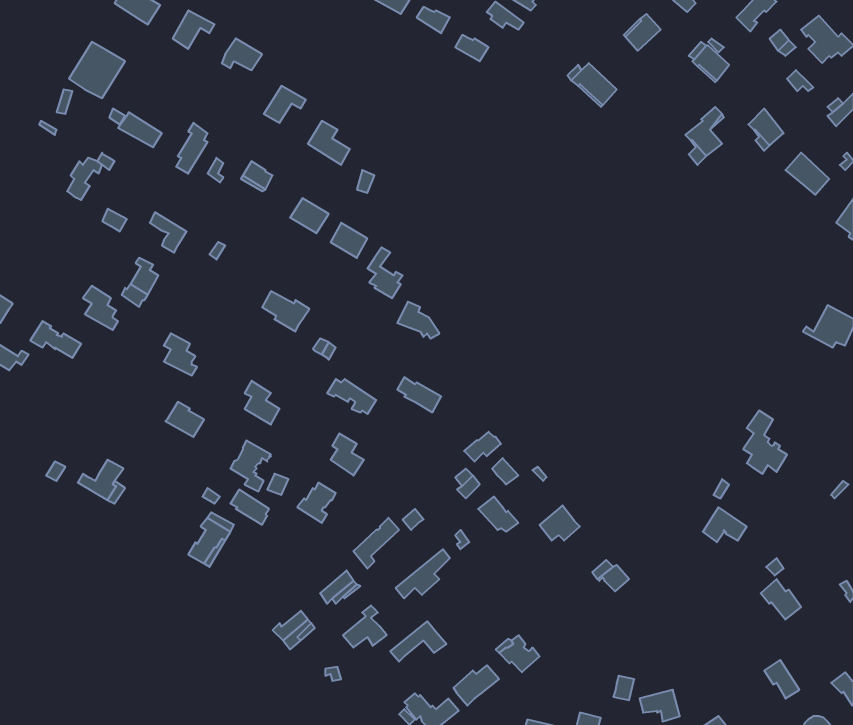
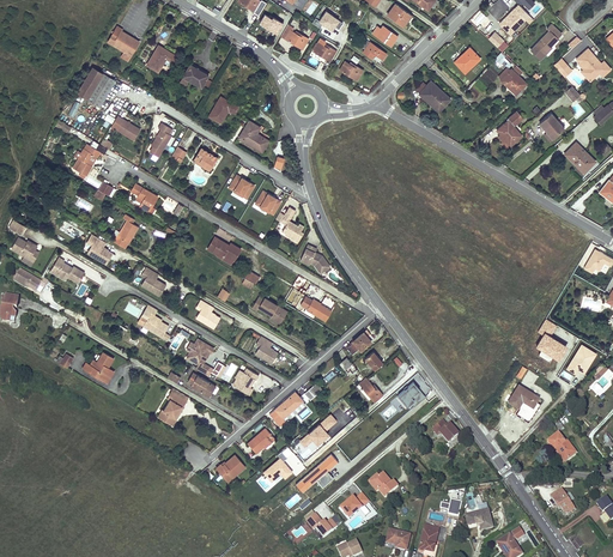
building: none -> [566,344,597,375]

